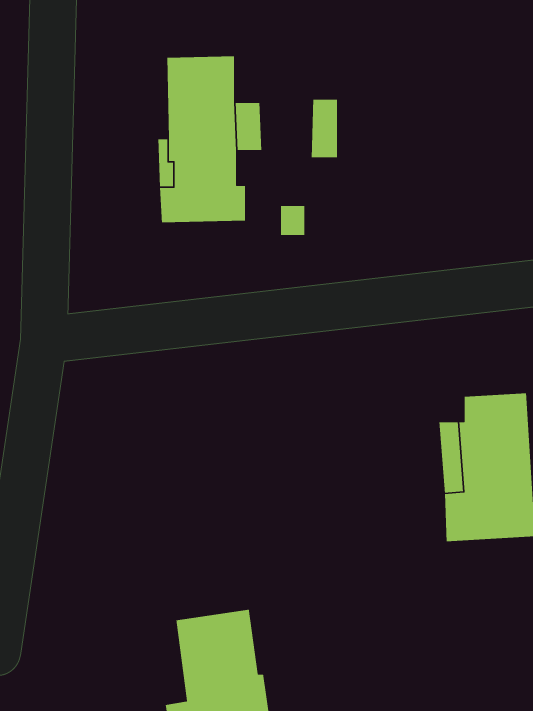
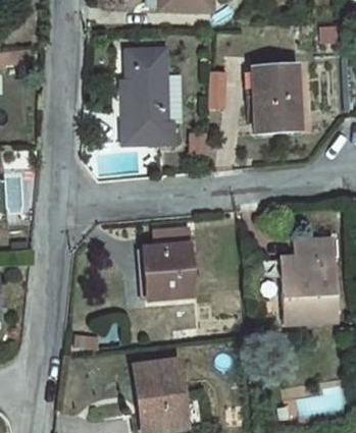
building: none -> [252,65,300,132]
building: none -> [143,229,193,301]

